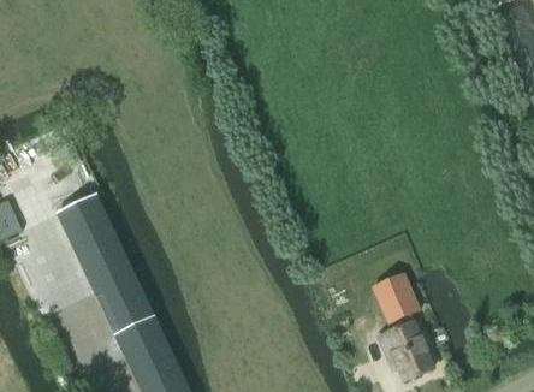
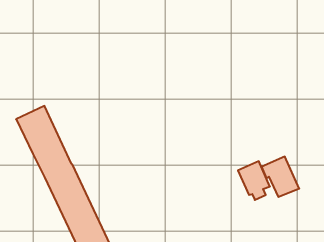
building: [379,321,433,379] -> [261,157,299,197]

